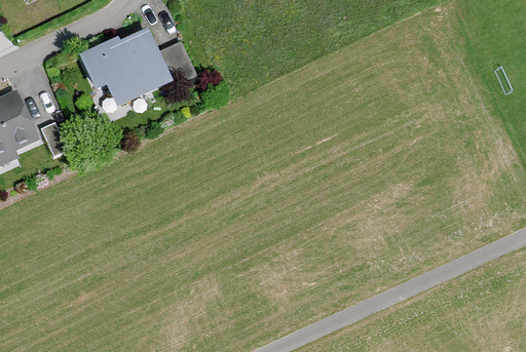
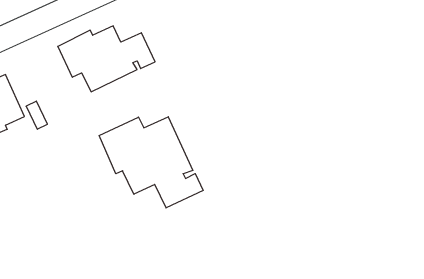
building: none -> [99,117,203,208]

